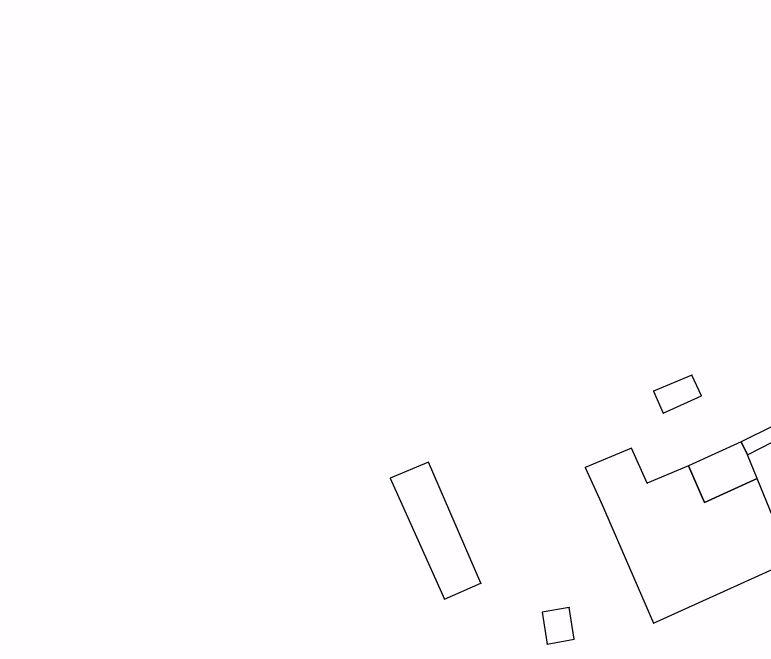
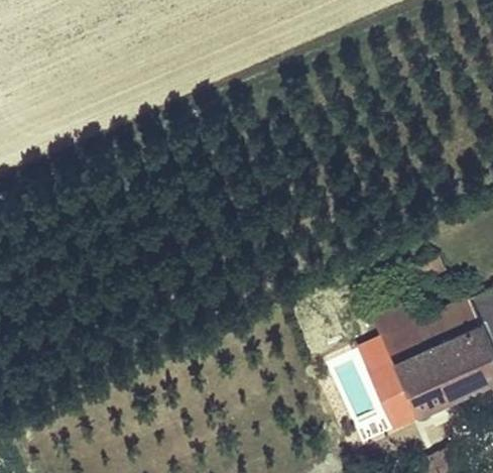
building: [390,462,481,599] -> [360,344,417,431]

